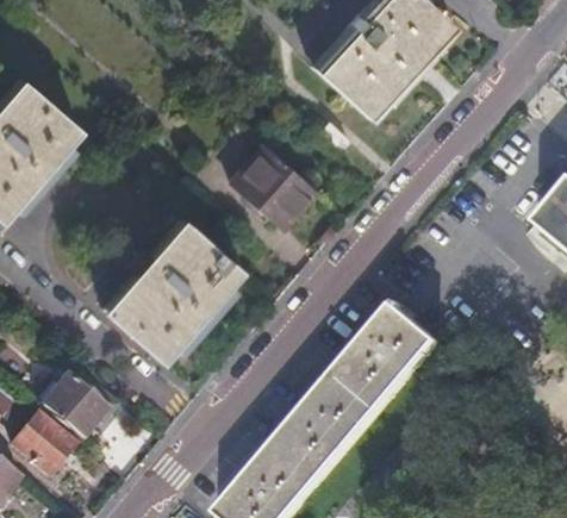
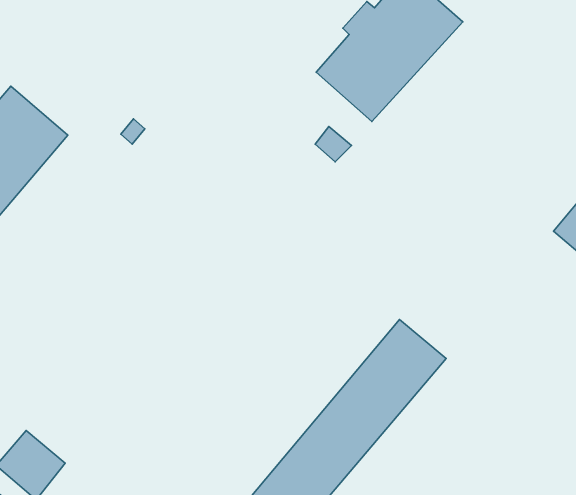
building: [229,143,318,227] -> none
building: [108,225,242,362] -> none
building: [37,375,119,438] -> none

